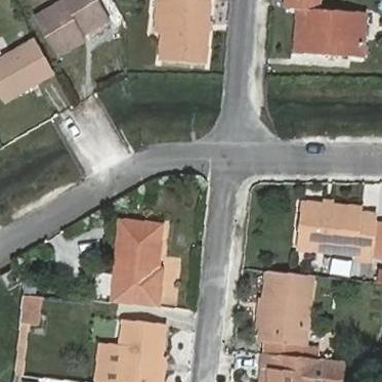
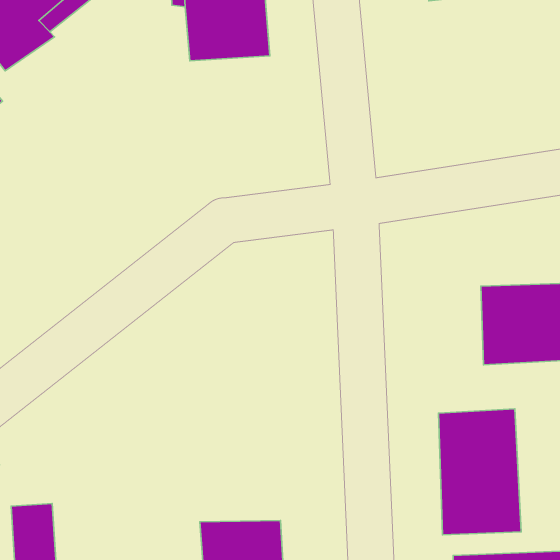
building: [118,214,167,301] -> none

